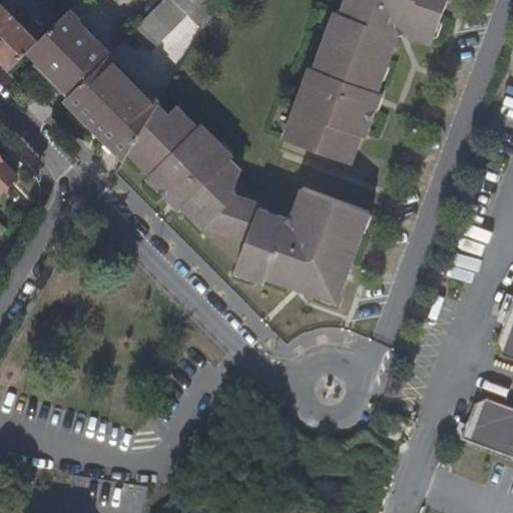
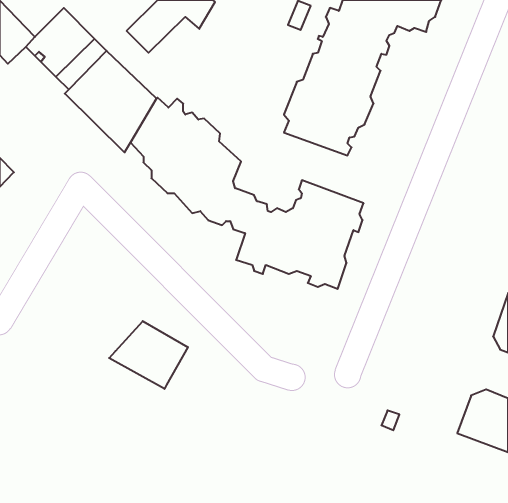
building: none -> [109,321,188,389]

